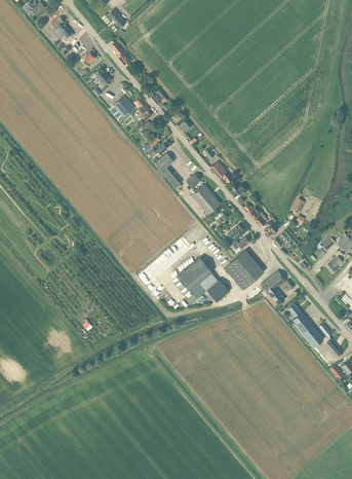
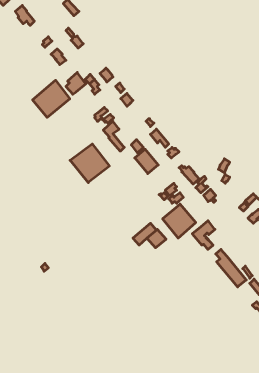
building: none -> [33,80,70,117]
building: none -> [70,144,109,183]
building: [178,257,211,290] -> none

